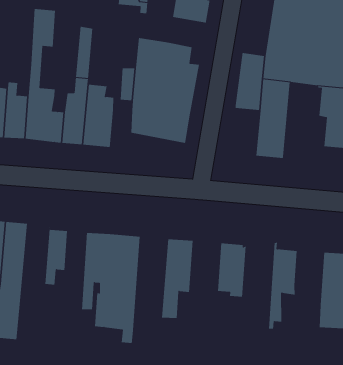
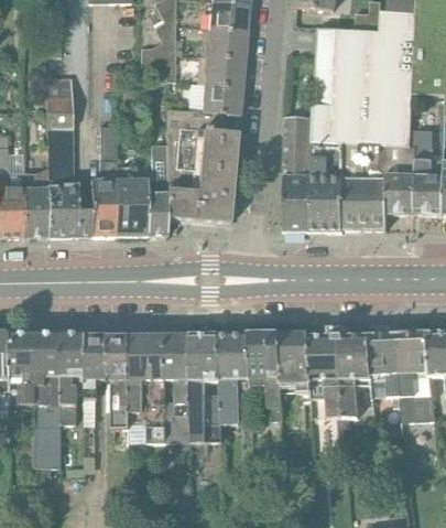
building: none -> [202,80,243,114]
building: none -> [345,142,389,227]
building: none -> [284,177,313,229]
building: none -> [148,191,168,235]
building: none -> [62,330,87,422]
building: none -> [108,334,131,427]
building: none -> [191,333,224,440]
building: none -> [251,332,284,419]
building: none -> [312,326,345,424]
building: none -> [370,332,401,395]

